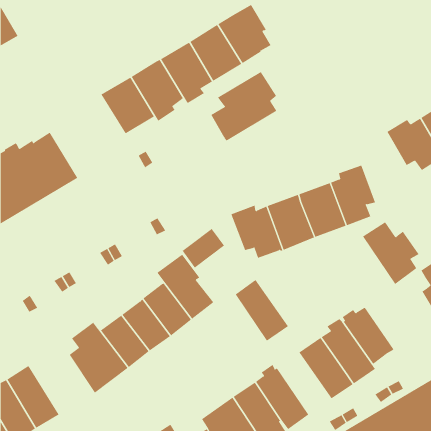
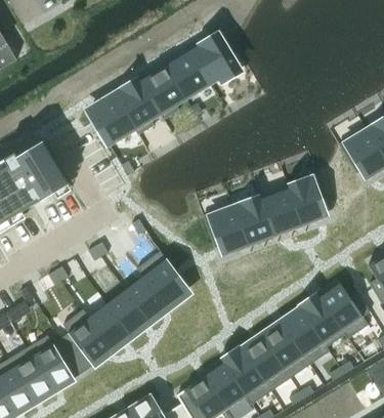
building: [210,71,277,141] -> none
building: [362,221,419,285] -> [319,284,370,339]
building: [182,222,225,268] -> none
building: [235,279,289,341] -> [243,337,290,391]
building: none -> [26,336,83,391]

